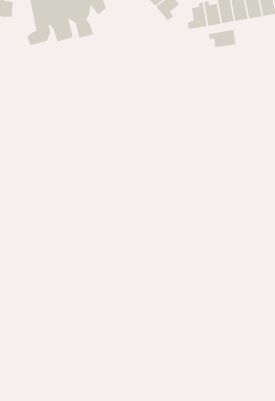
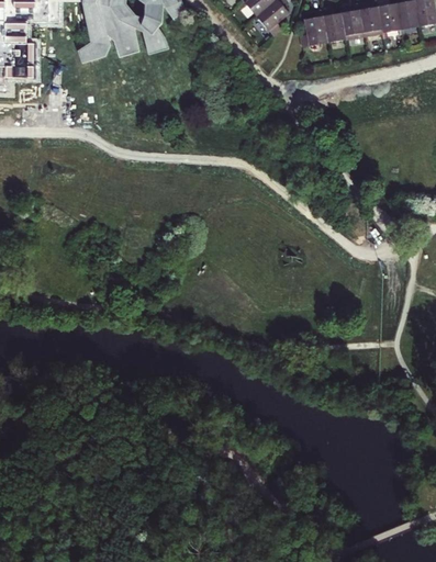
building: [208,29,236,48] -> none

